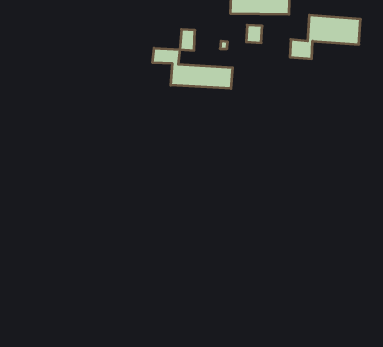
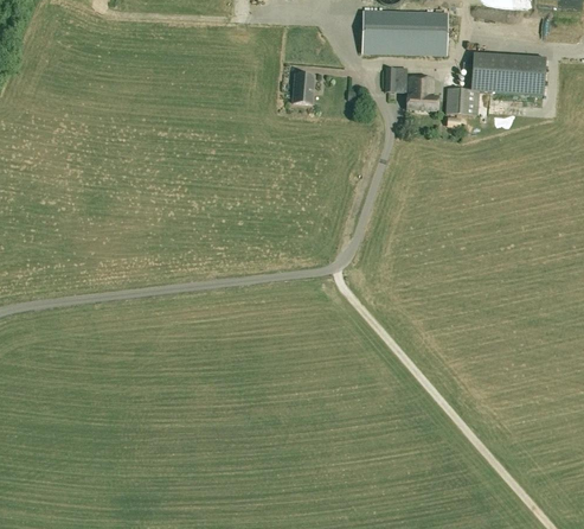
building: none -> [406,75,437,110]
building: [153,48,233,89] -> none

